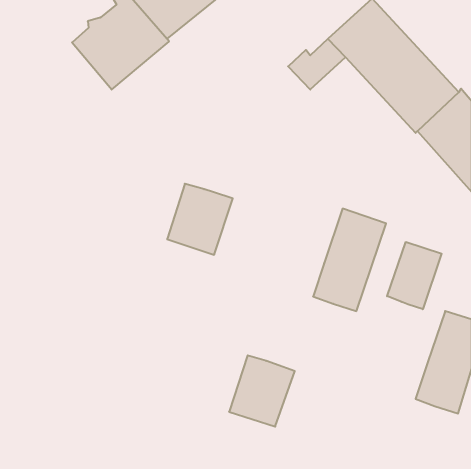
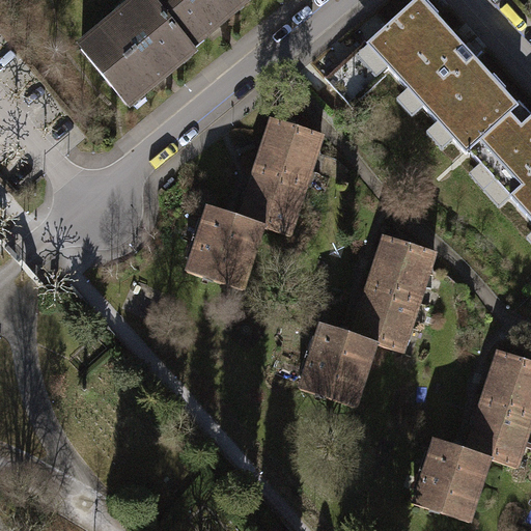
building: none -> [241,117,320,231]
building: [387,242,442,309] -> none
building: [229,355,295,427] -> [302,324,375,403]
building: none -> [414,438,490,520]

